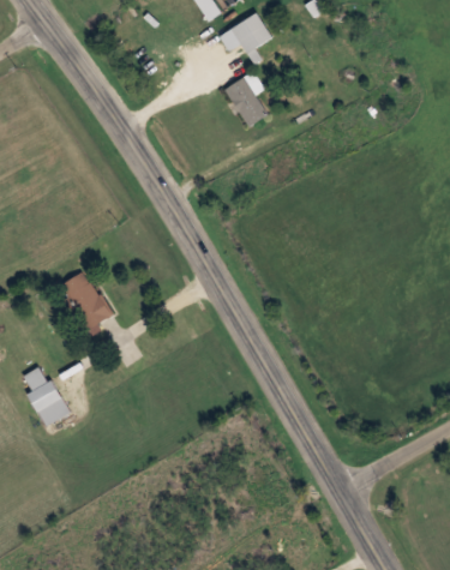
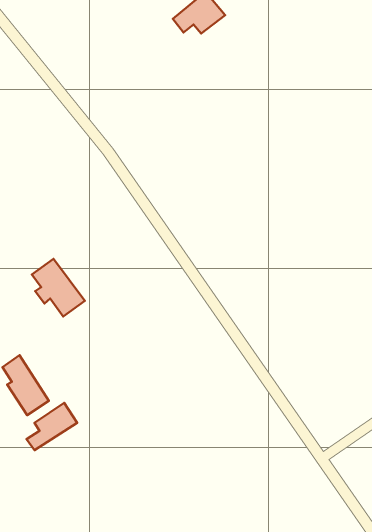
building: [224,71,268,127] -> none
building: none -> [27,403,77,450]

